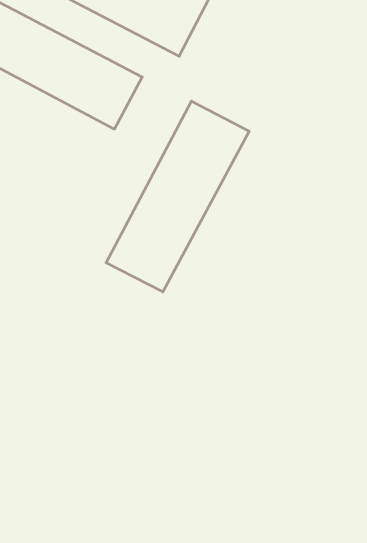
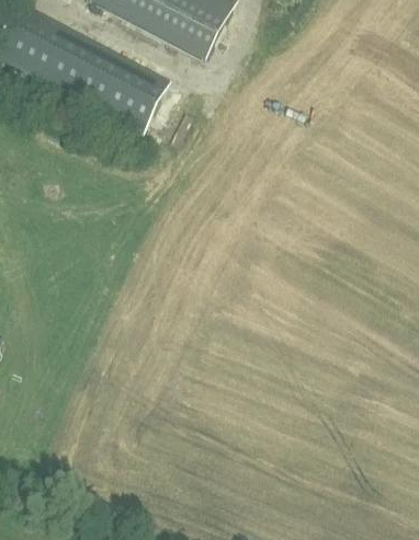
building: [106,101,249,292] -> none

